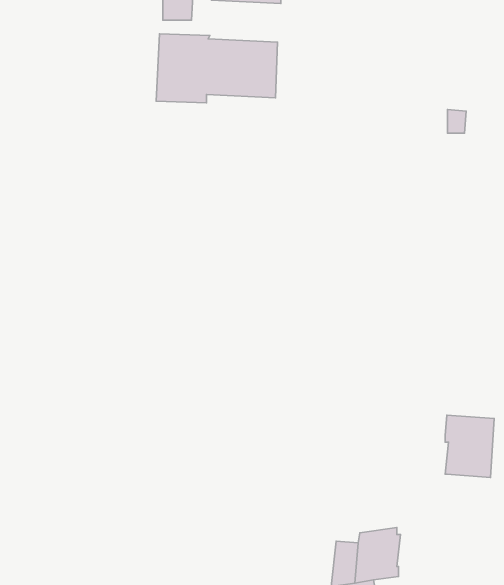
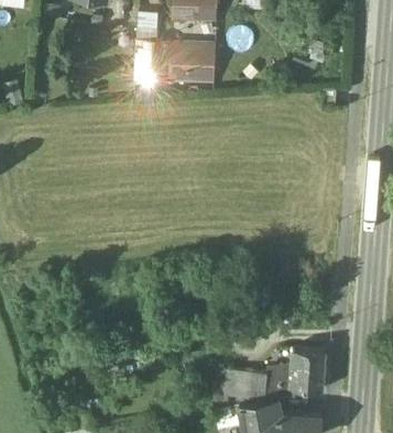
building: [445,415,494,478] -> [293,349,325,390]

